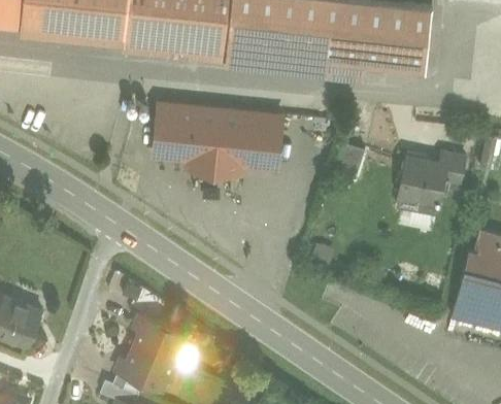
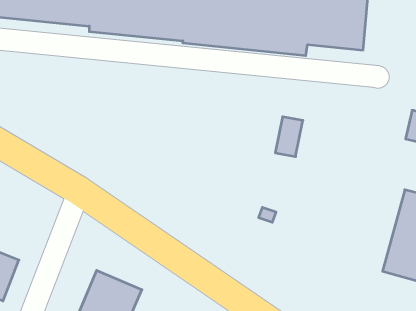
building: [148,102,283,180] -> none
building: [397,153,467,208] -> none

